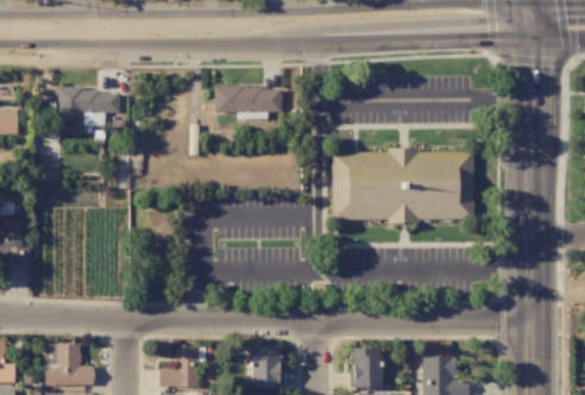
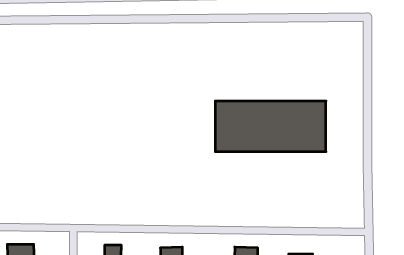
building: [58,86,120,126] -> none
building: [215,87,283,121] -> none

